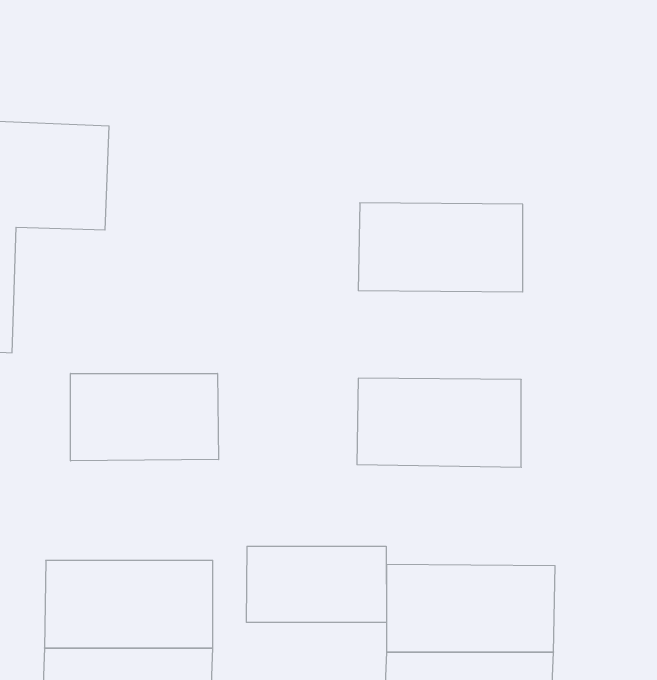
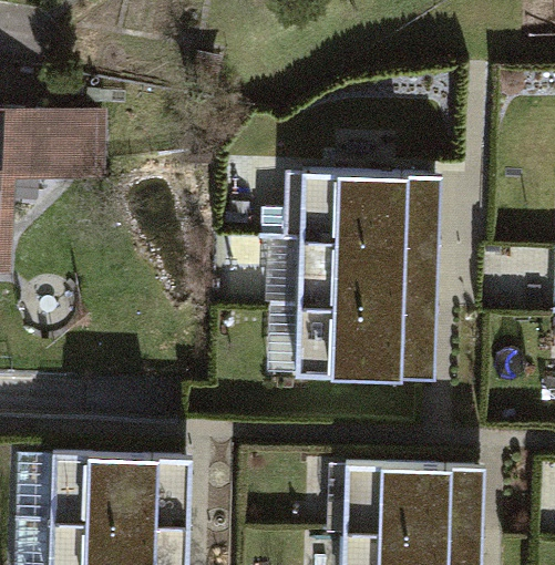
building: none -> [302,240,438,314]
building: [71,373,219,461] -> none
building: [246,546,387,622] -> none

